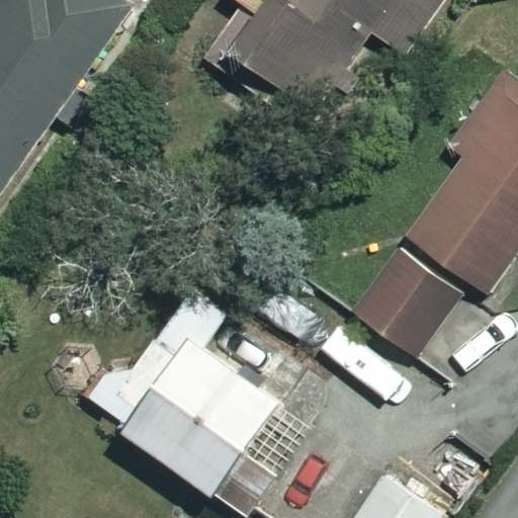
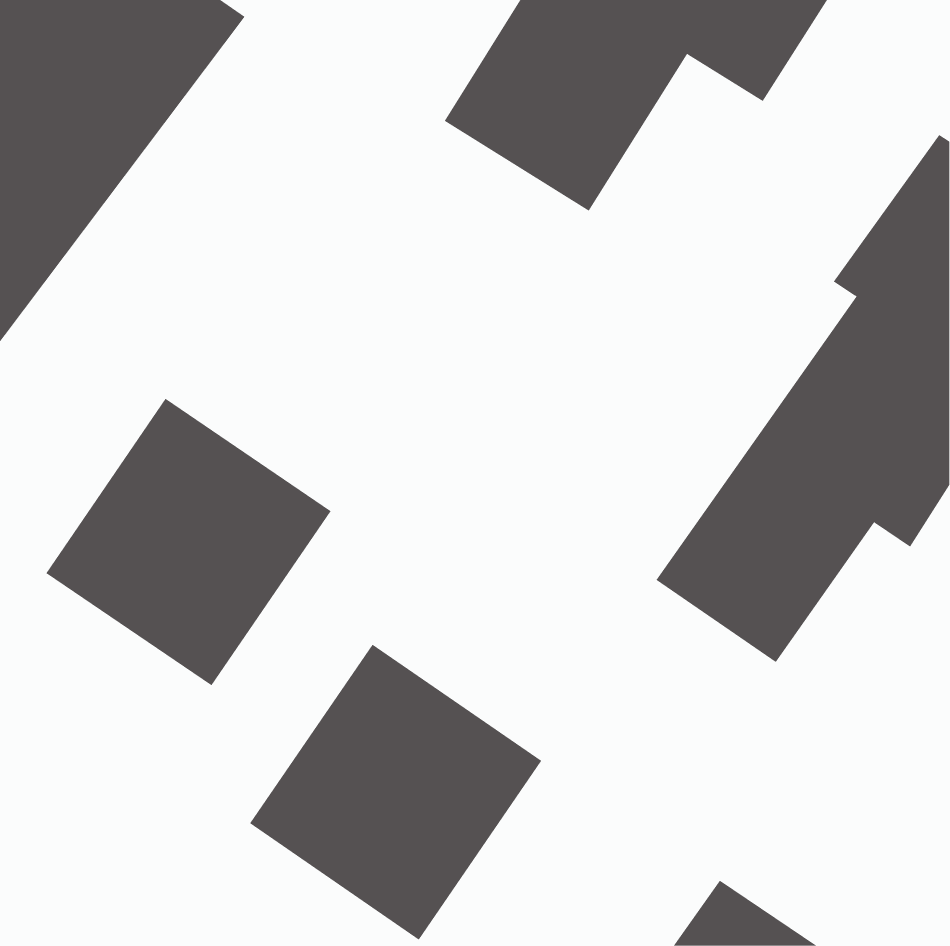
building: none -> [45,398,332,686]

